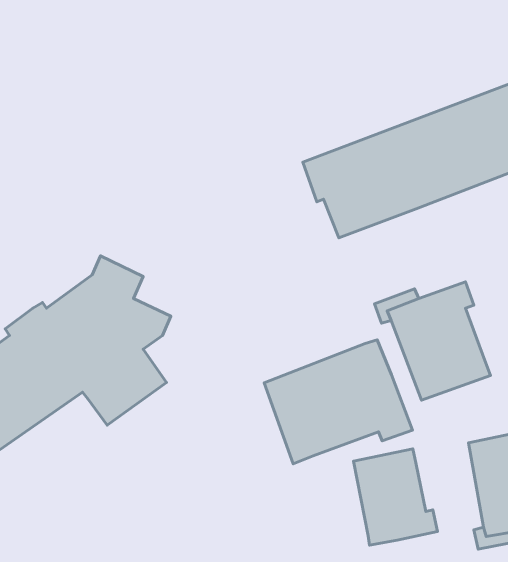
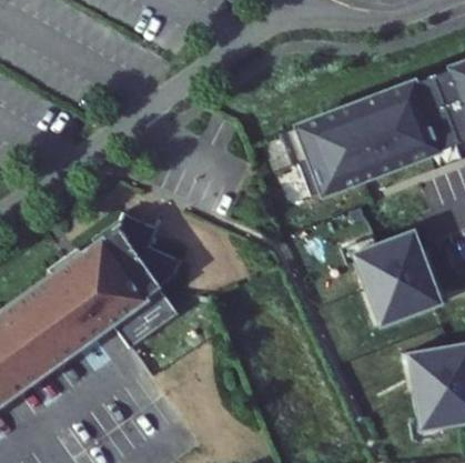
building: [264,340,413,464] -> none
building: [354,449,437,545] -> none

